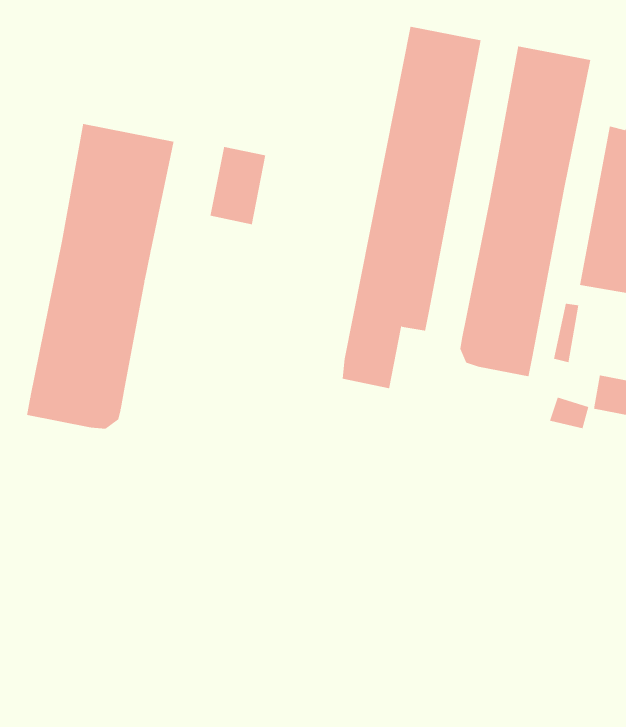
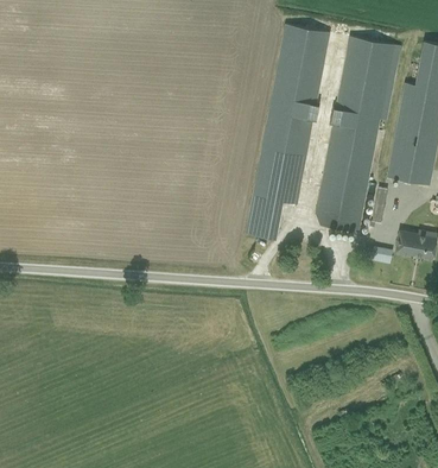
building: [26,123,174,430] -> none
building: [210,146,266,225] -> none

